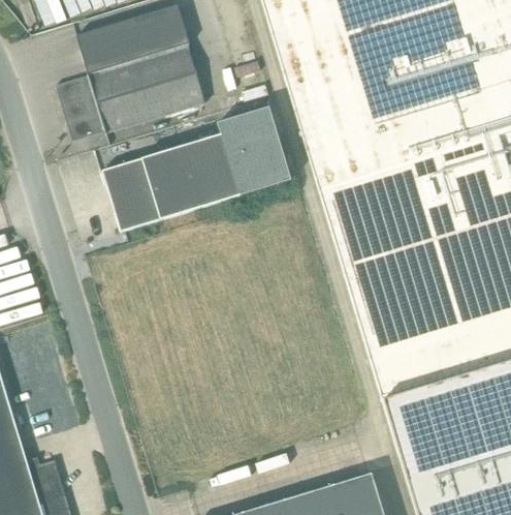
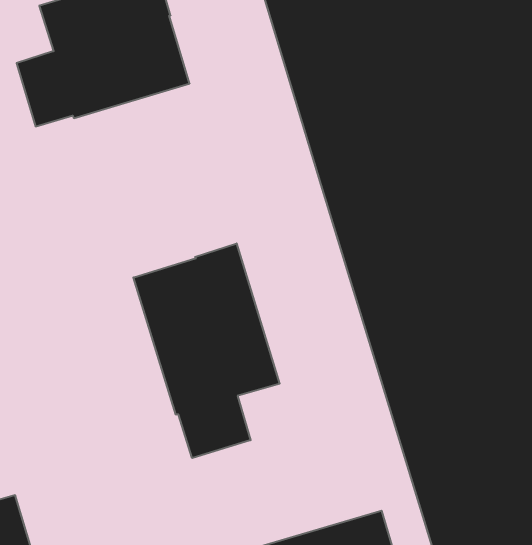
building: [102,108,290,233] -> none
building: none -> [133,243,280,458]

